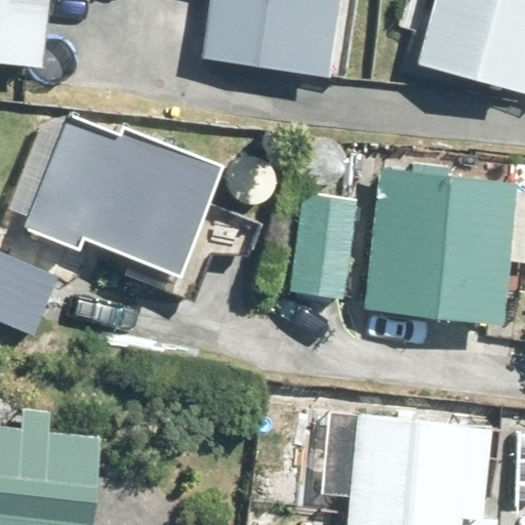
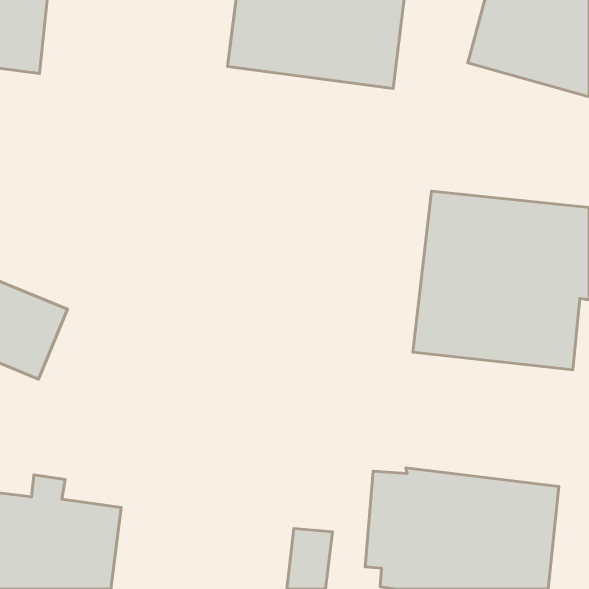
building: [24,118,228,285] -> none
building: [288,191,357,301] -> none

